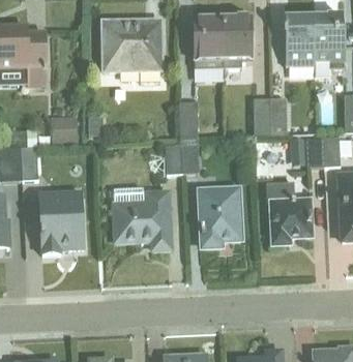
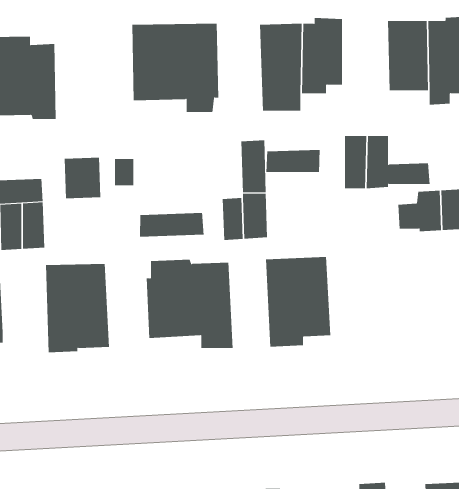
building: none -> [266,149,320,173]
building: none -> [140,212,204,238]
building: [268,185,314,247] -> none

